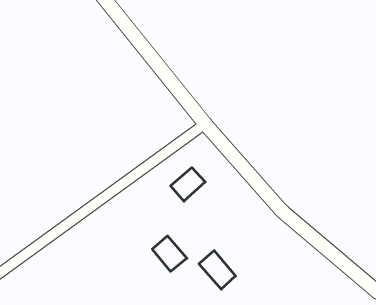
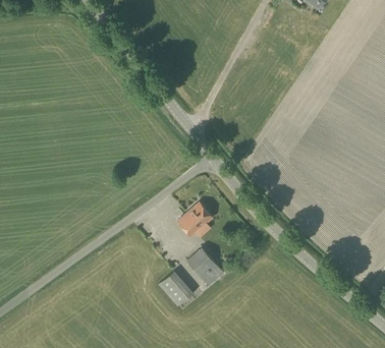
building: [199,251,236,289] -> [187,247,224,286]

